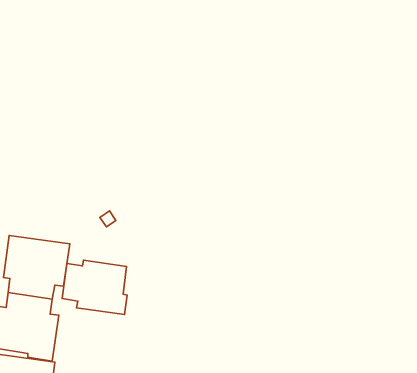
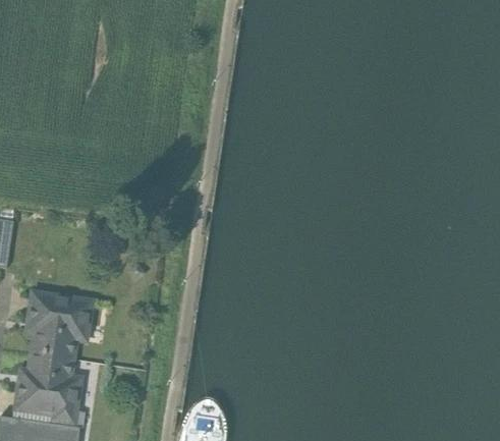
building: [62,260,127,315] -> none

